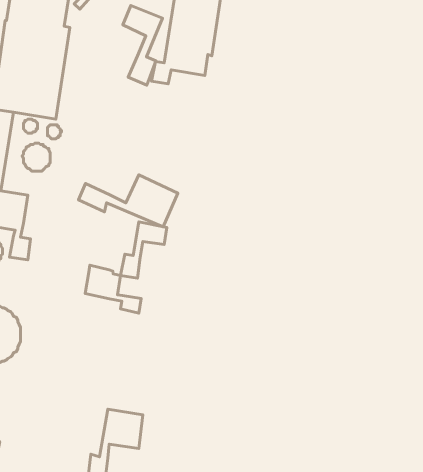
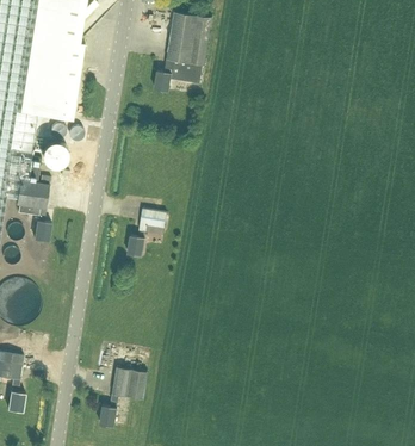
building: [123,6,162,85] -> none
building: [79,175,178,227] -> none
building: [85,265,141,313] -> none

